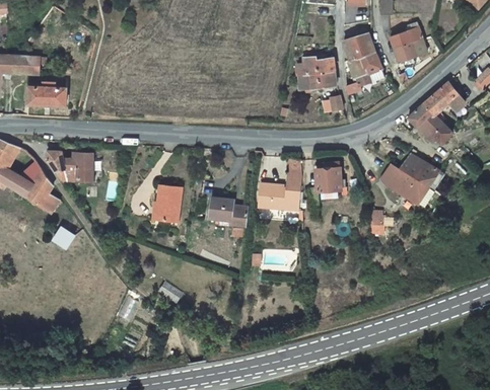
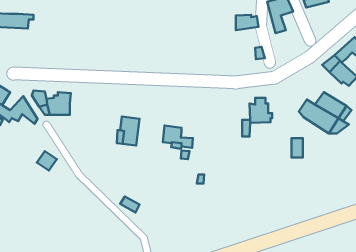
building: [390,41,424,66] -> none
building: [340,51,382,93] -> none
building: [301,70,332,88] -> none
building: [29,81,68,104] -> none
building: [257,157,303,210] -> none
building: [17,179,59,213] -> none

